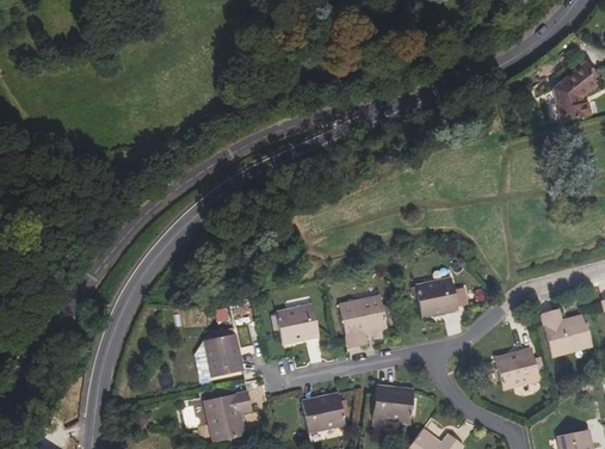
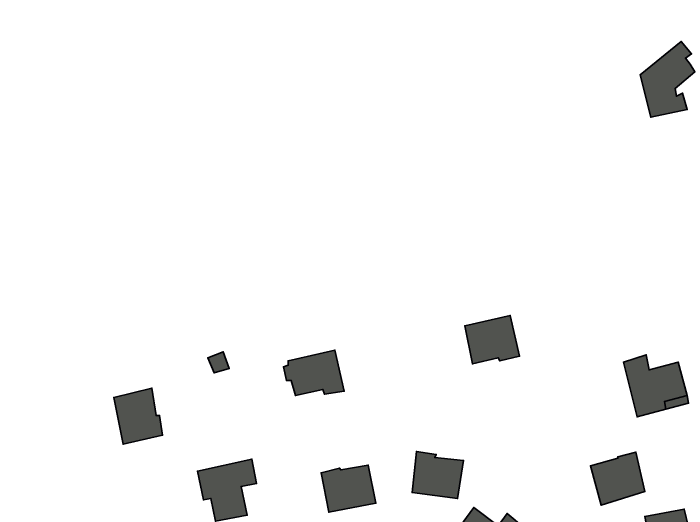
building: [339,300,387,347] -> none
building: [204,333,242,377] -> [114,388,162,444]
building: [495,349,538,390] -> [590,452,645,505]

